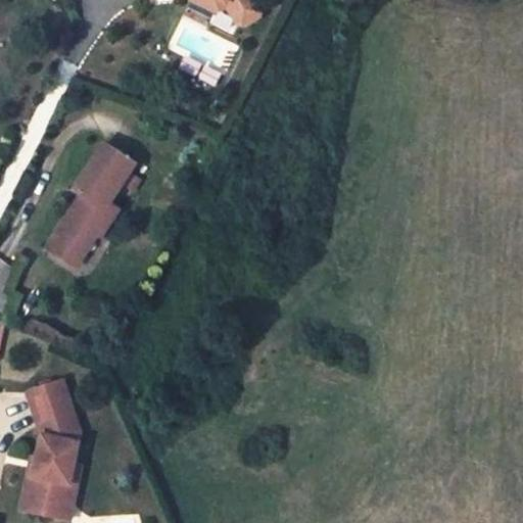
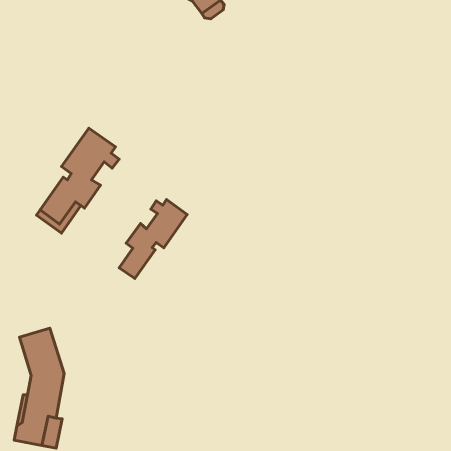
building: none -> [119,200,187,278]

